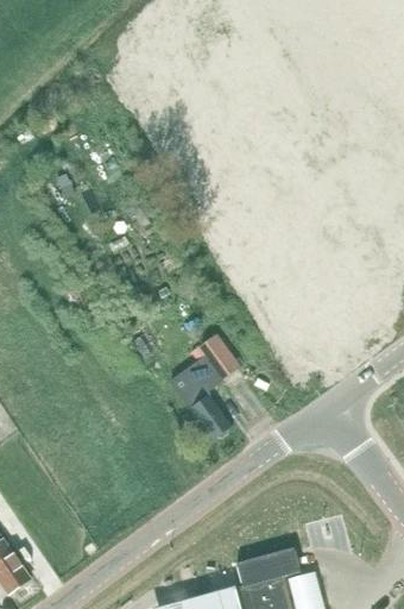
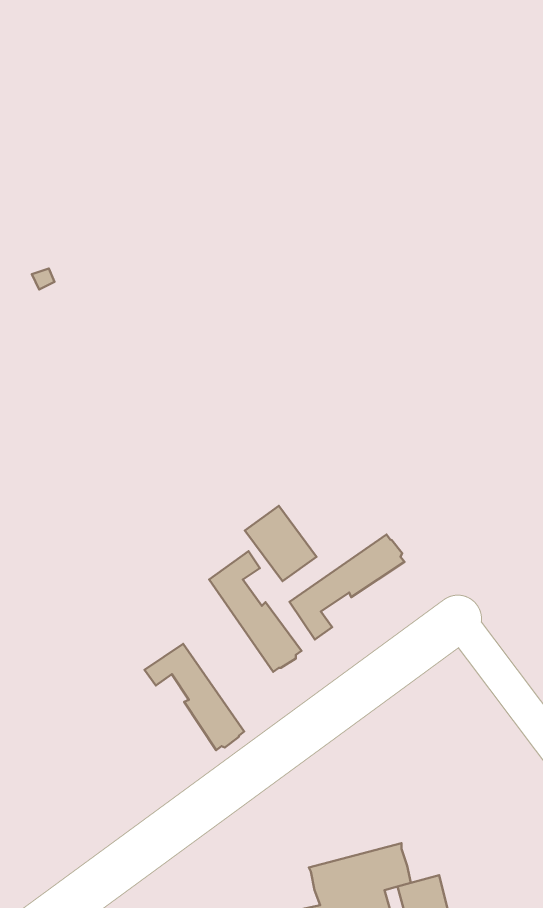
building: none -> [289,534,404,640]
building: none -> [144,644,244,750]

